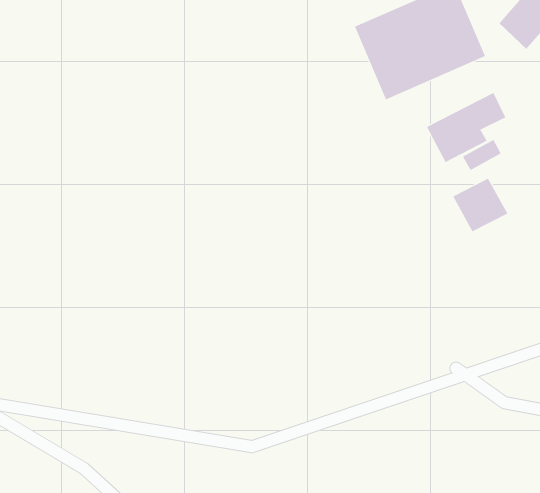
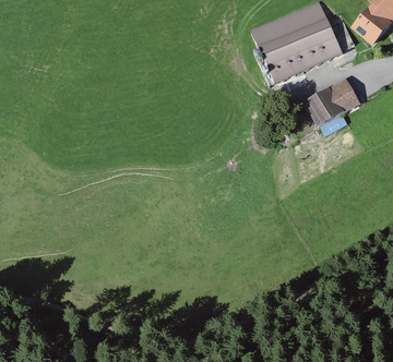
building: [453,178,508,232] -> none

